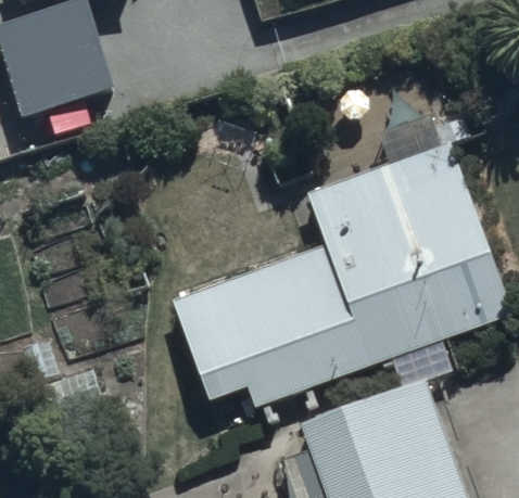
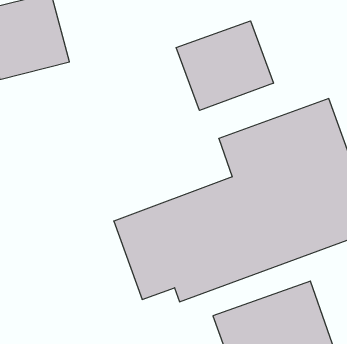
building: none -> [176,21,273,110]

